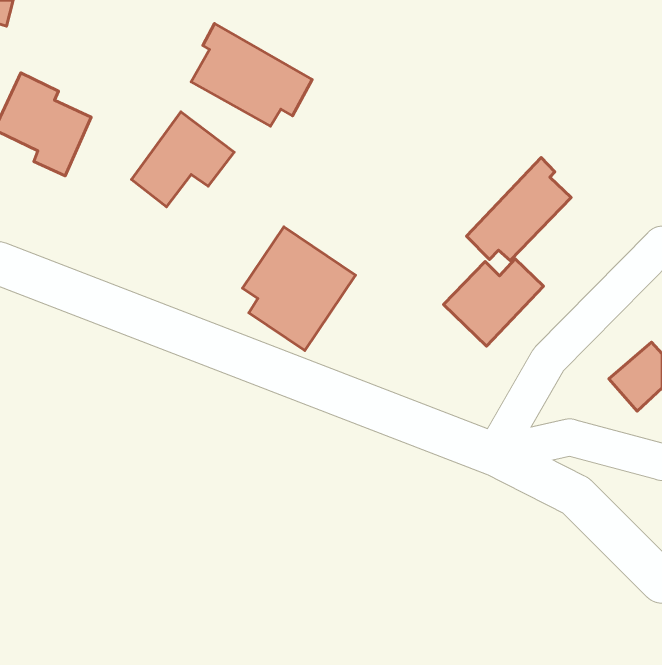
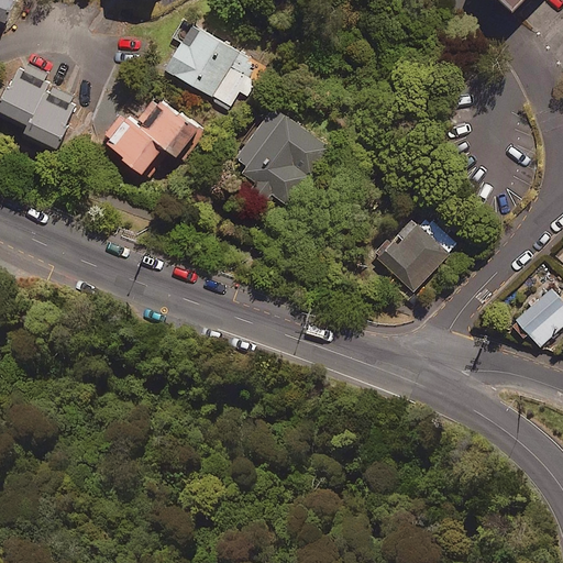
building: [466,158,571,261] -> none
building: [242,227,356,351] -> [234,107,330,211]

